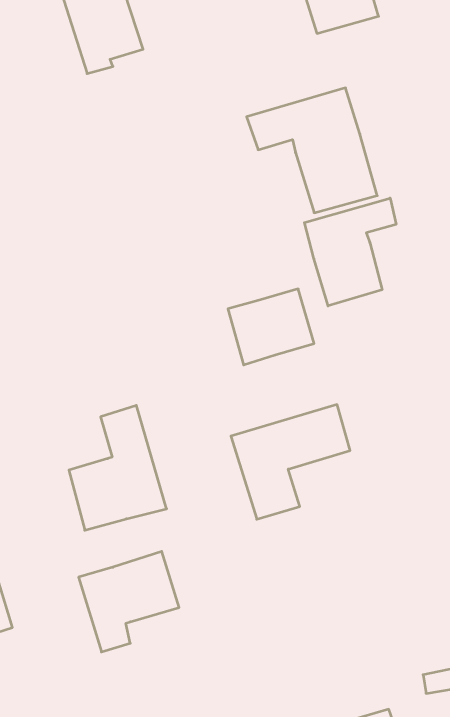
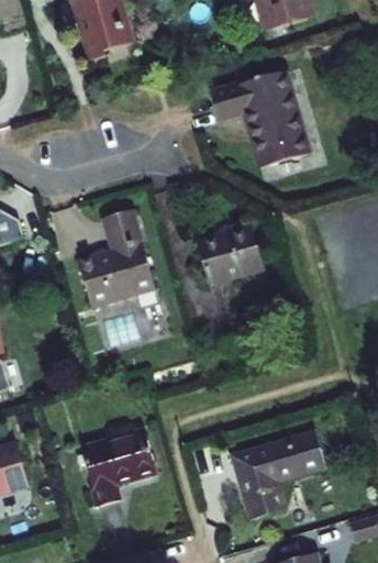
building: [304,198,396,306] -> none
building: [231,405,350,519] -> [234,428,325,516]
building: [69,405,167,530] -> [79,209,154,305]

